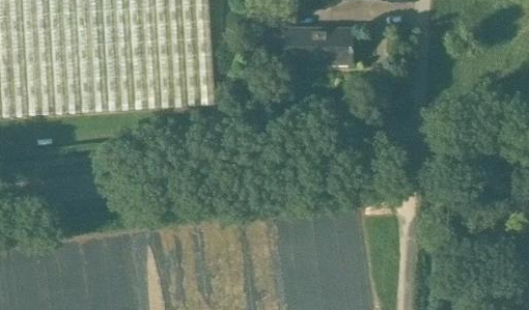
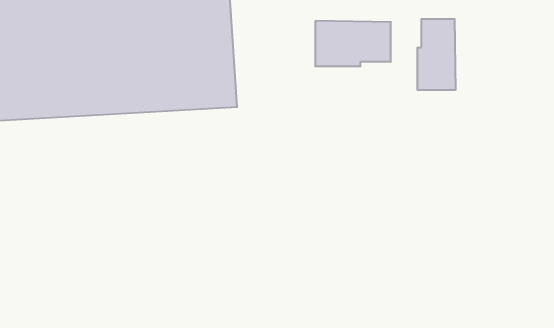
building: none -> [418,19,455,90]

